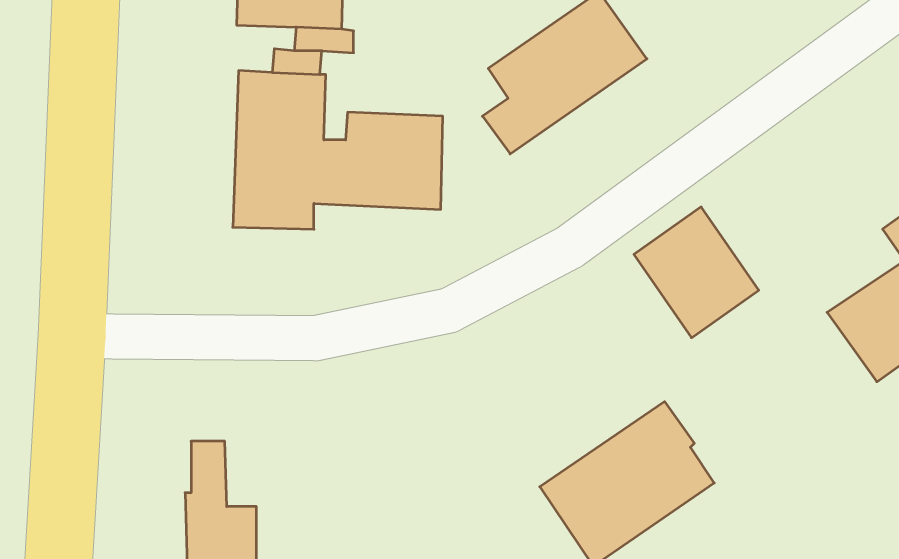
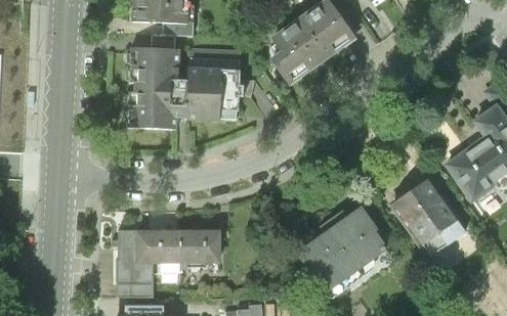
building: [634,207,759,338] -> [391,180,456,247]
building: none -> [134,229,215,264]

